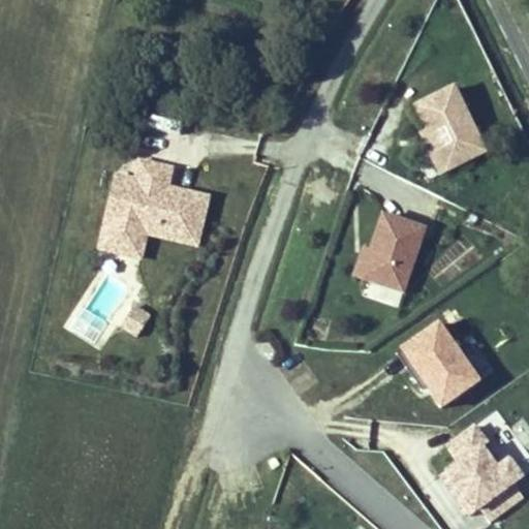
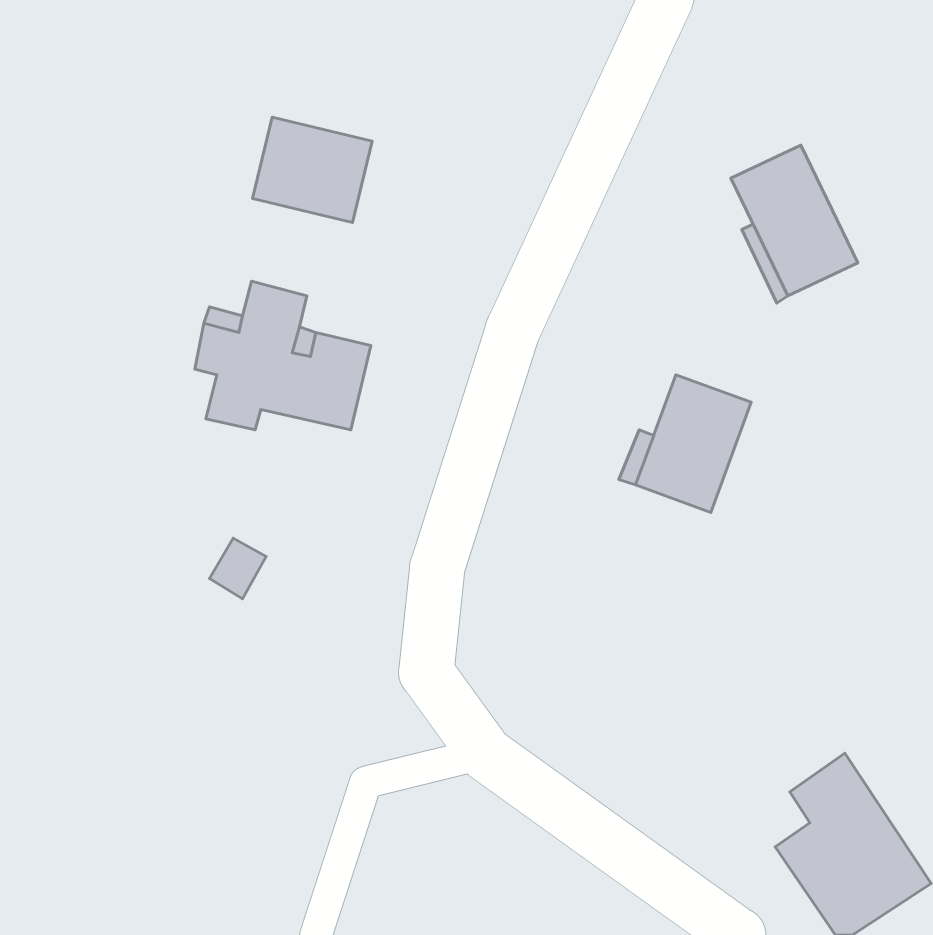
building: none -> [253,117,372,222]
building: [103,208,147,255] -> none
building: [400,322,478,417] -> none

